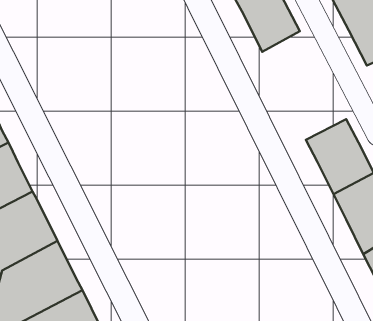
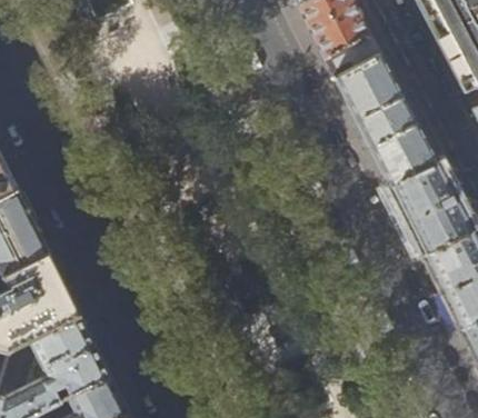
building: none -> [332,53,437,188]

